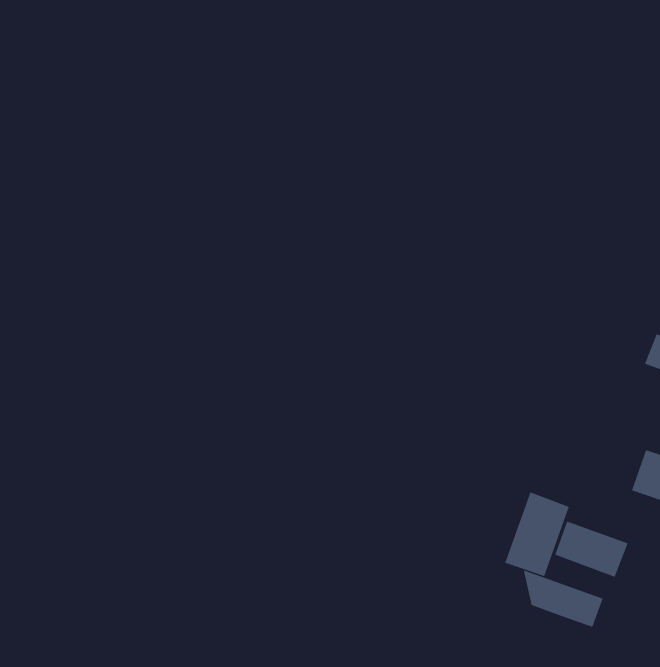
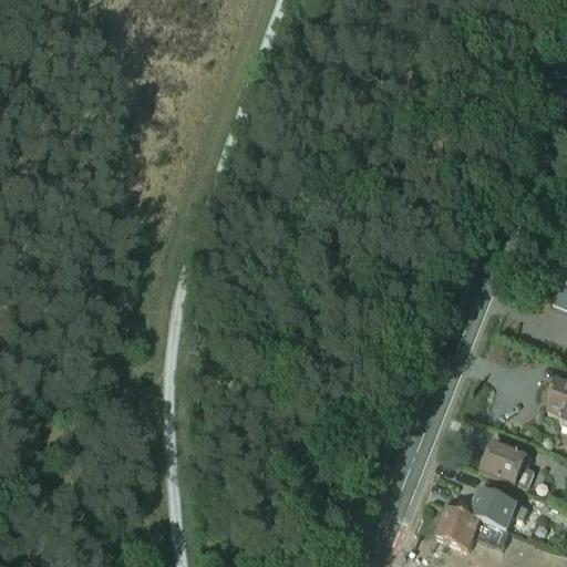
building: [504,492,570,577] -> none
building: none -> [446,508,484,551]

